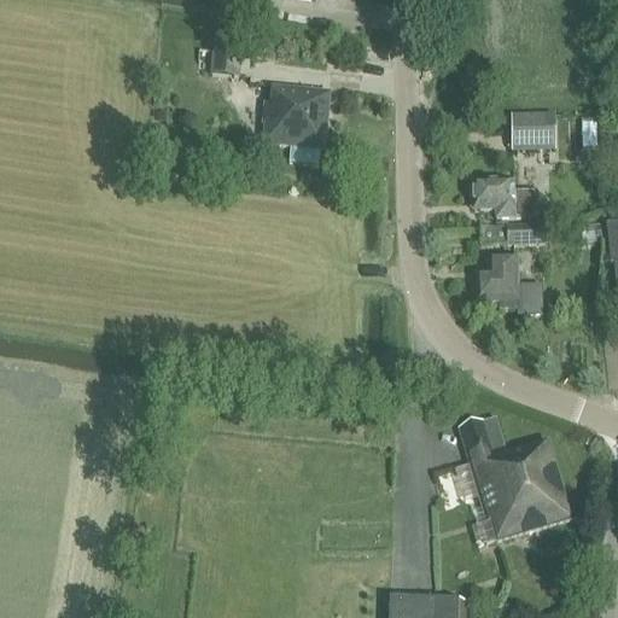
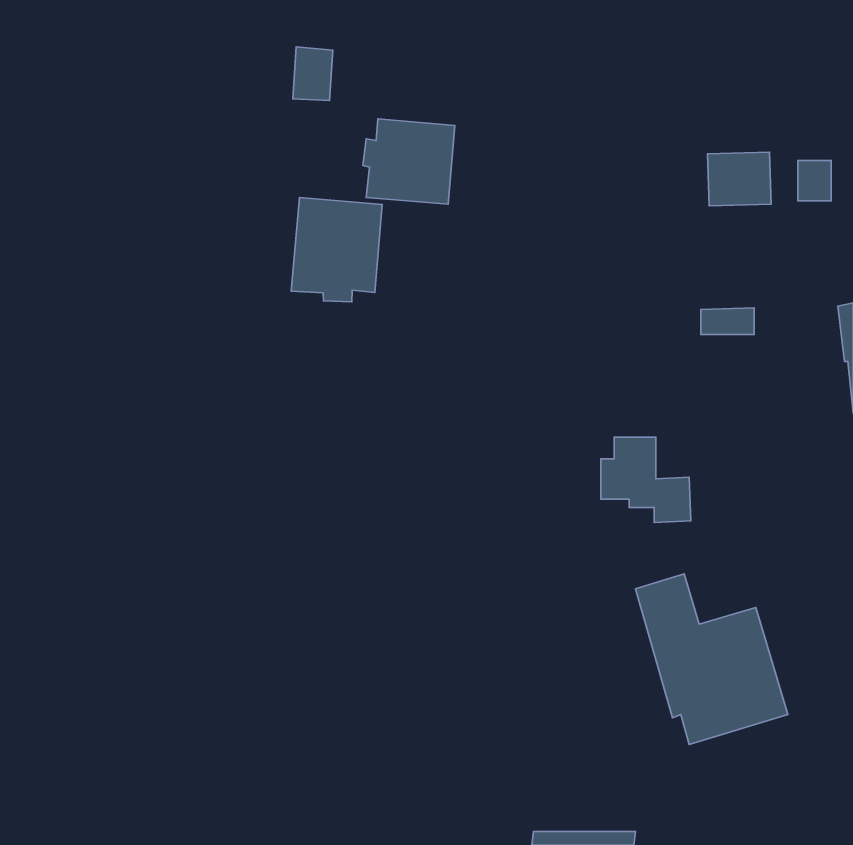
building: none -> [291,198,382,302]
building: [472,176,535,215] -> none
building: [478,255,543,316] -> [601,437,691,522]

